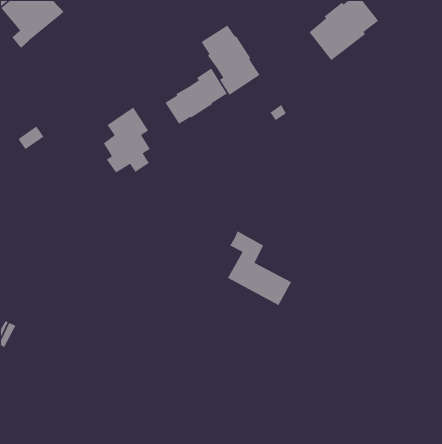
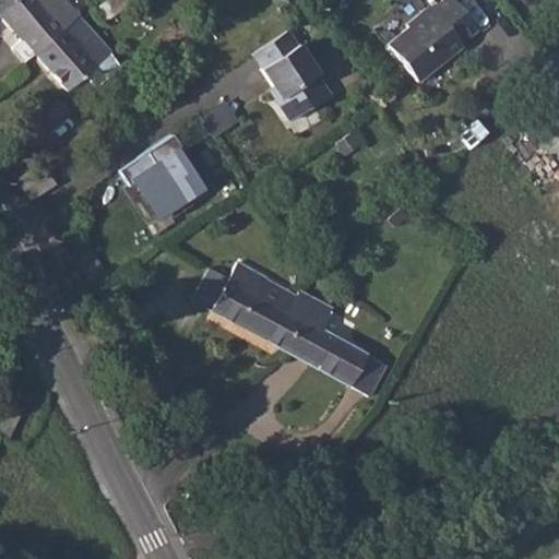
building: none -> [41,17,120,104]
building: [165,68,228,125] -> none
building: none -> [195,262,307,350]

